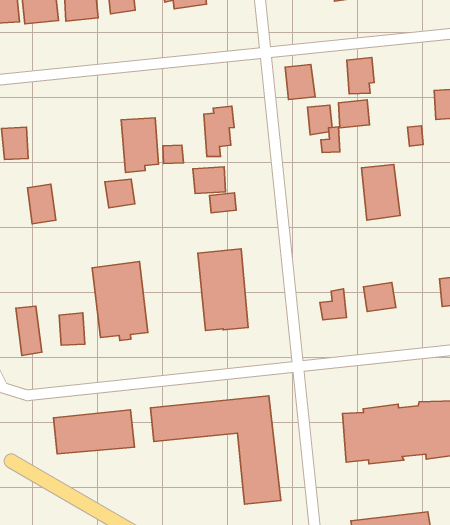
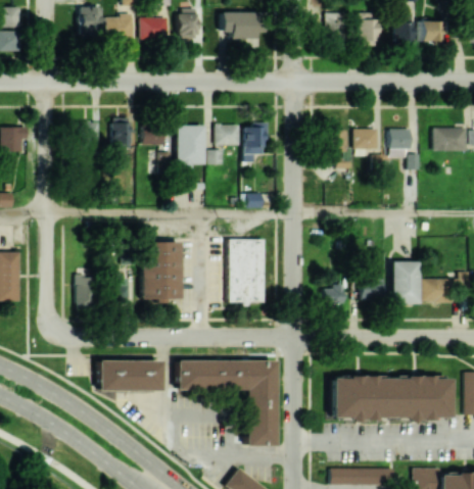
building: [347,58,374,94] -> [390,129,412,157]
building: [285,65,315,99] -> none
building: [361,165,400,220] -> [391,261,419,304]
building: [193,167,225,194] -> [216,124,241,145]
building: [105,179,135,208] -> [143,124,165,145]
building: [27,184,56,224] -> [111,117,132,148]

